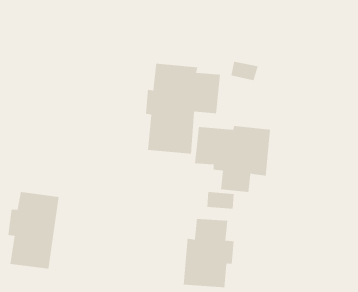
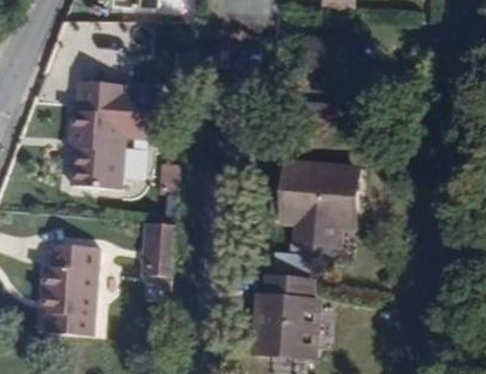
building: [145,63,221,154] -> [70,82,158,188]
building: none -> [141,222,177,274]

